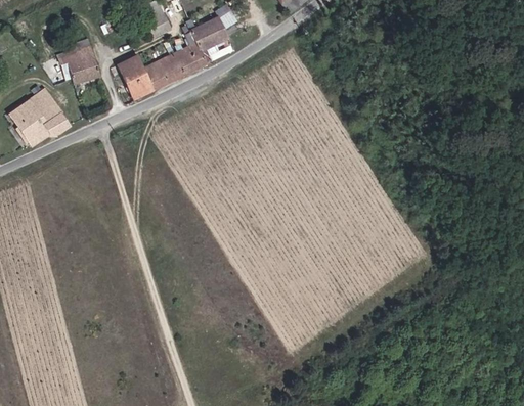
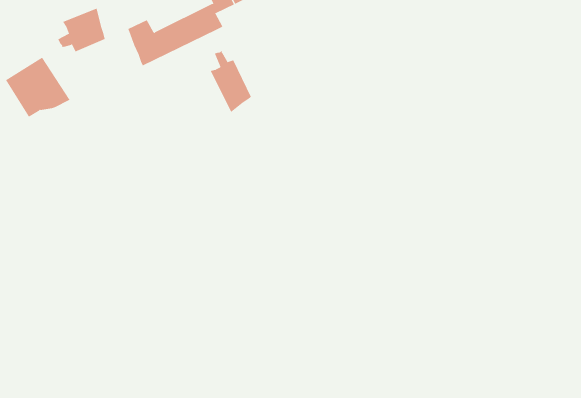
building: none -> [210,50,252,113]

